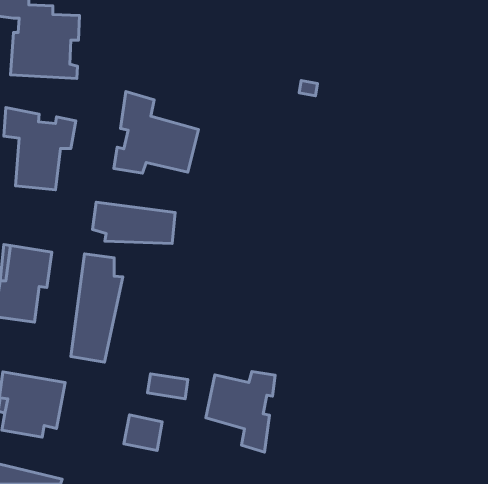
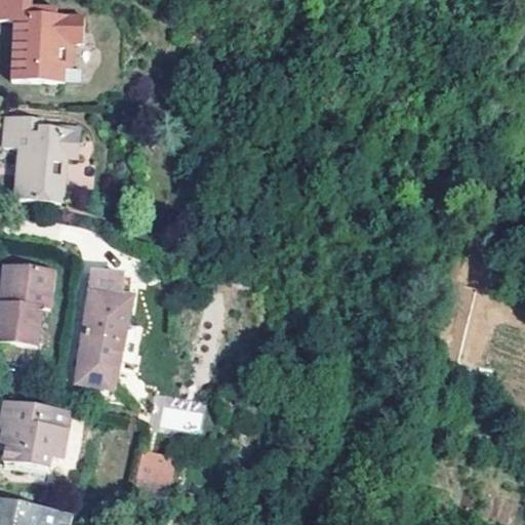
building: [114,92,198,173] -> none
building: [92,202,175,244] -> none
building: [206,371,275,452] -> none

